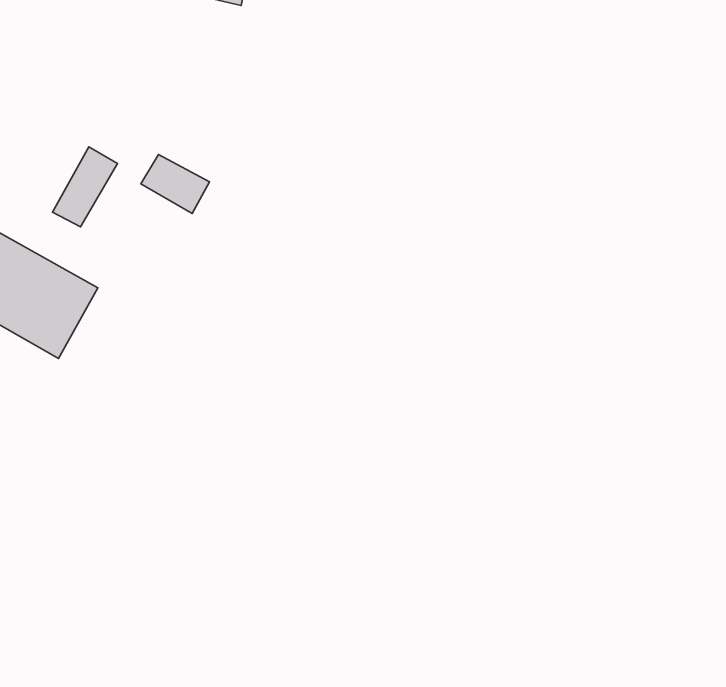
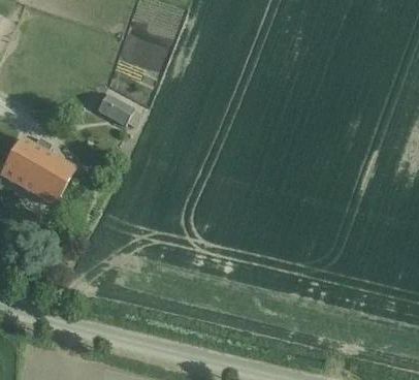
building: [52,147,118,227] -> none

